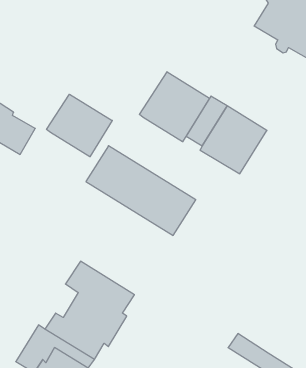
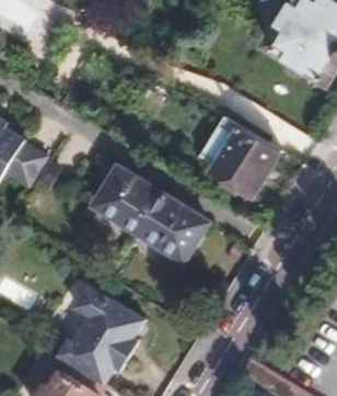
building: [139,72,210,142] -> none
building: [47,94,112,157] -> none

